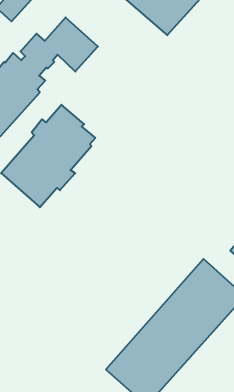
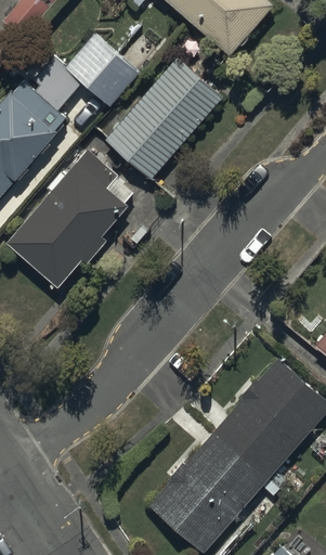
building: none -> [103,55,224,179]

